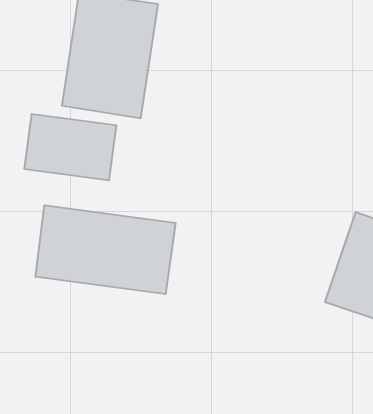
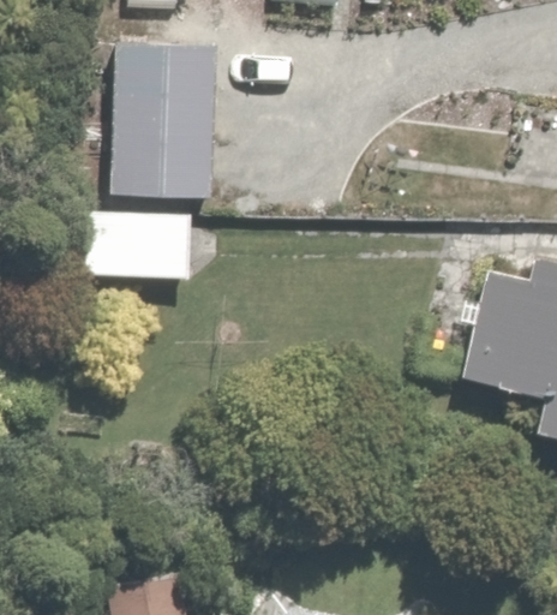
building: [36,205,175,294] -> none

